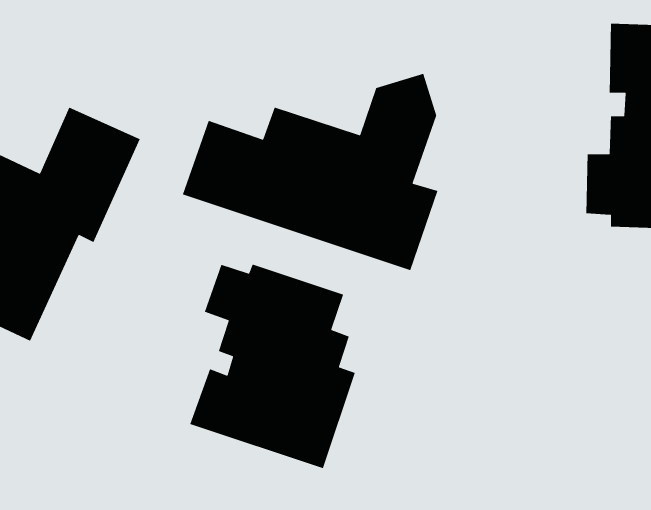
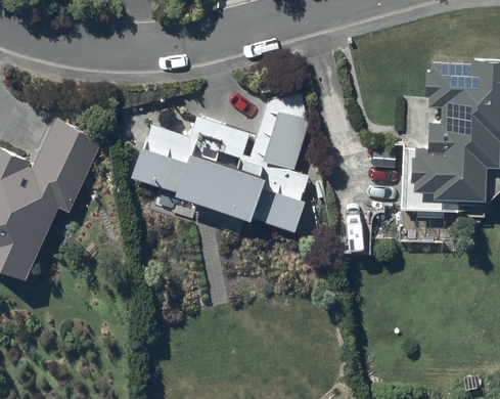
building: [189,263,356,469] -> none

